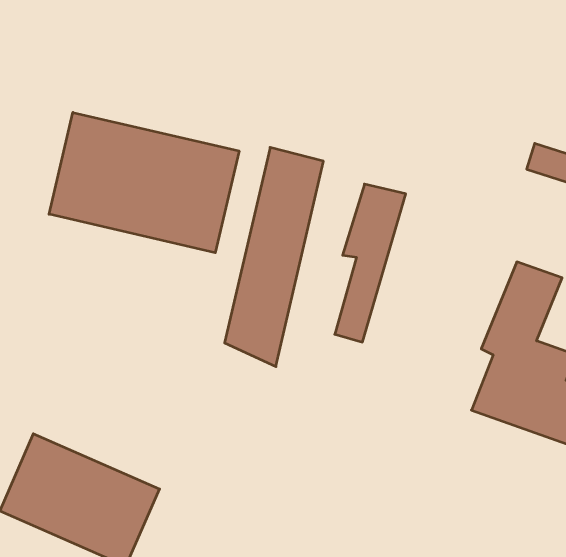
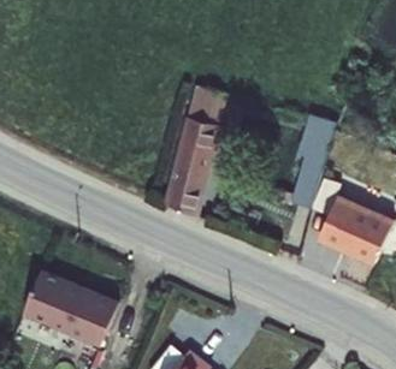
building: [49,112,239,253] -> none
building: [335,184,406,342] -> [286,124,330,220]

